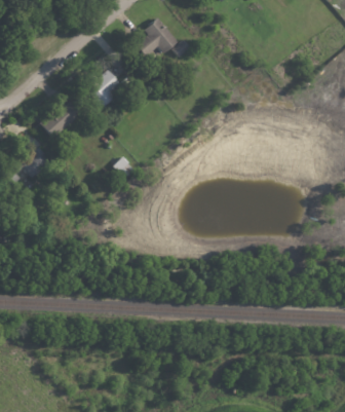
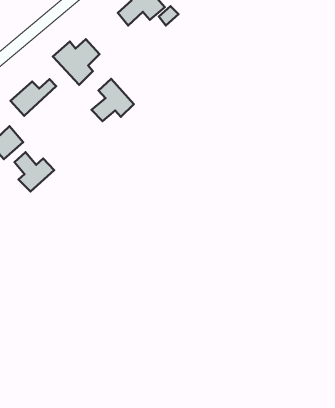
building: none -> [91,79,134,121]
building: none -> [15,152,54,192]

